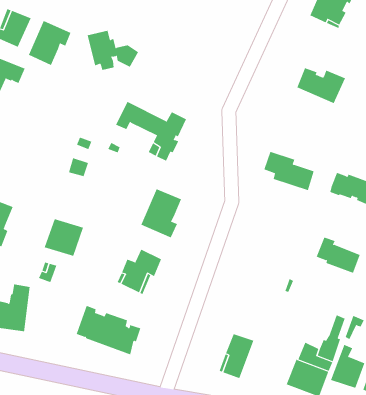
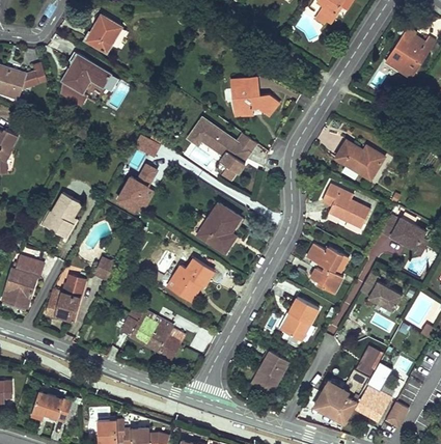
building: [28,20,71,66] -> none
building: [87,30,139,71] -> [231,78,278,116]
building: [296,68,346,104] -> [335,141,383,179]
building: none -> [306,244,348,294]
building: [44,219,84,257] -> [113,178,154,217]
building: none -> [280,298,318,341]

